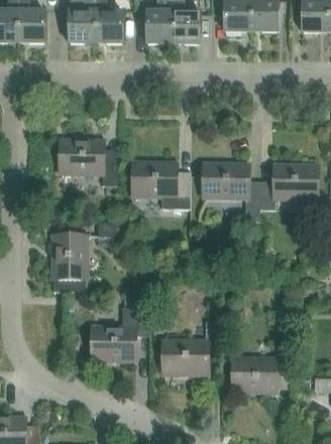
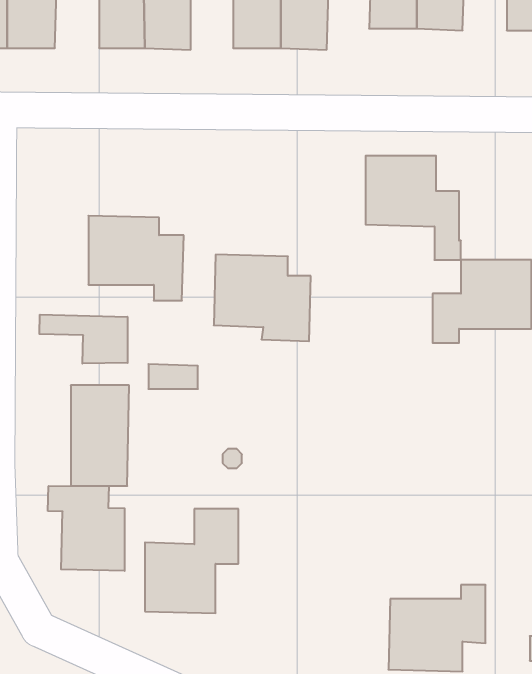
building: [206,162,260,221] -> [366,156,461,260]
building: none -> [39,315,128,364]
building: none -> [48,486,125,571]
building: [165,323,220,380] -> none

